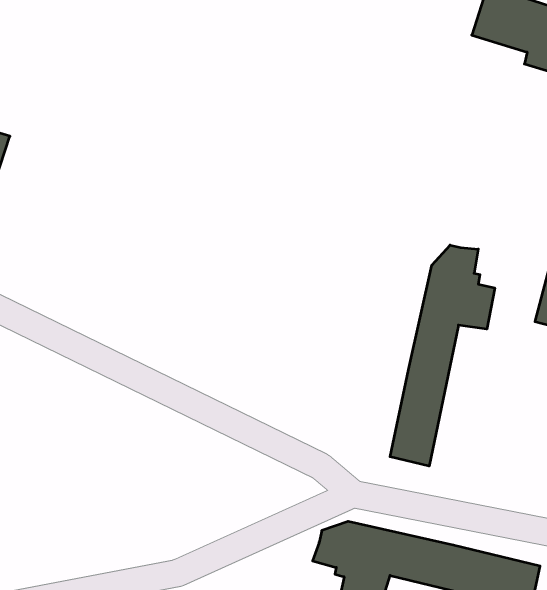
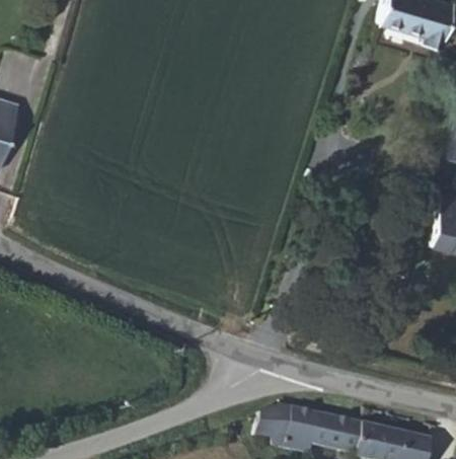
building: [390,245,495,466] -> none

